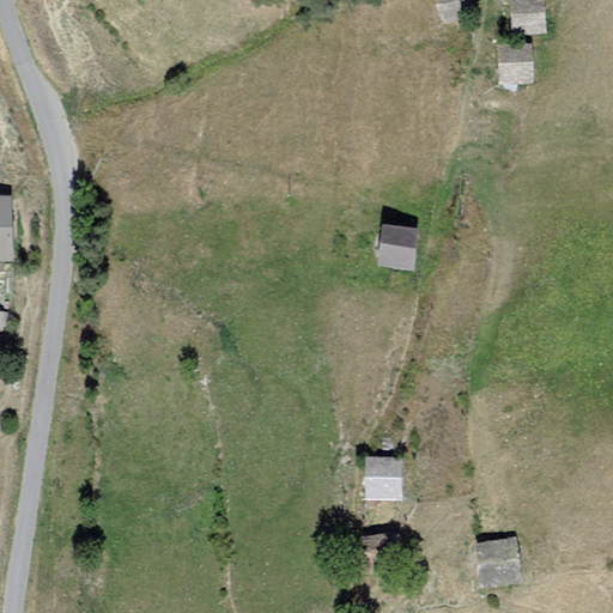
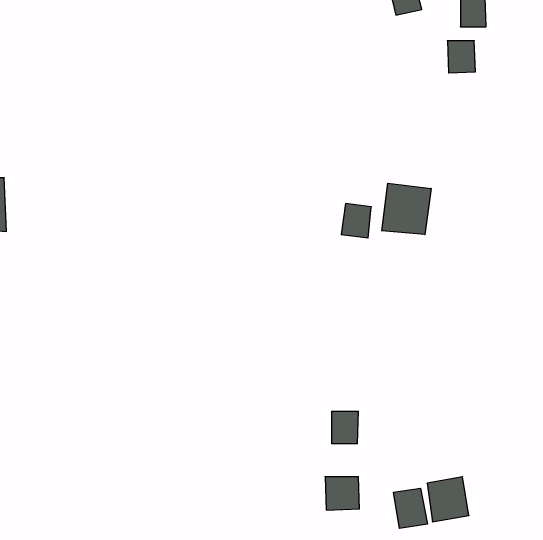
building: none -> [382,183,431,235]
building: none -> [394,488,427,528]

